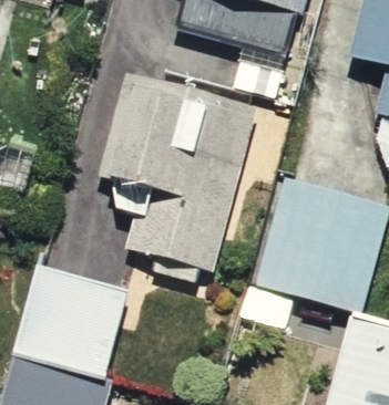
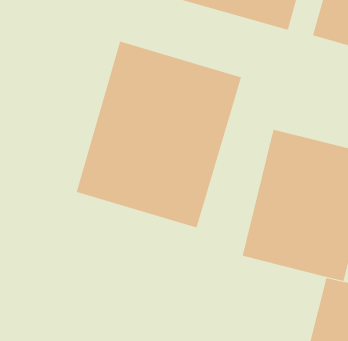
building: [13,258,136,375] -> none

